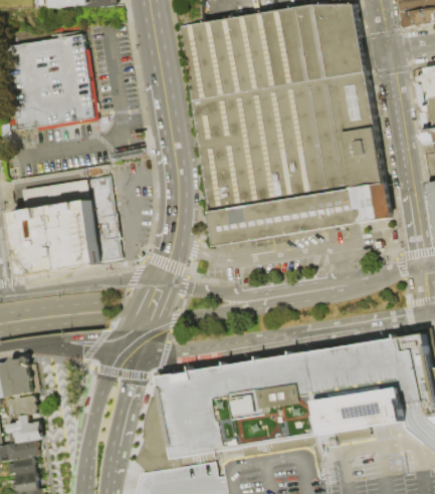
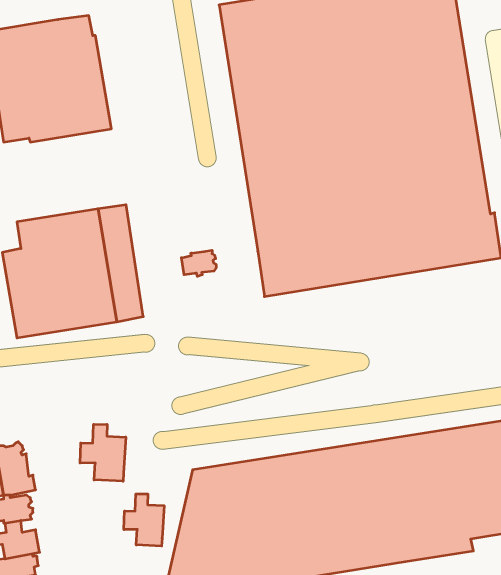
building: none -> [181,250,216,276]
building: none -> [80,424,126,481]
building: none -> [124,494,164,546]

